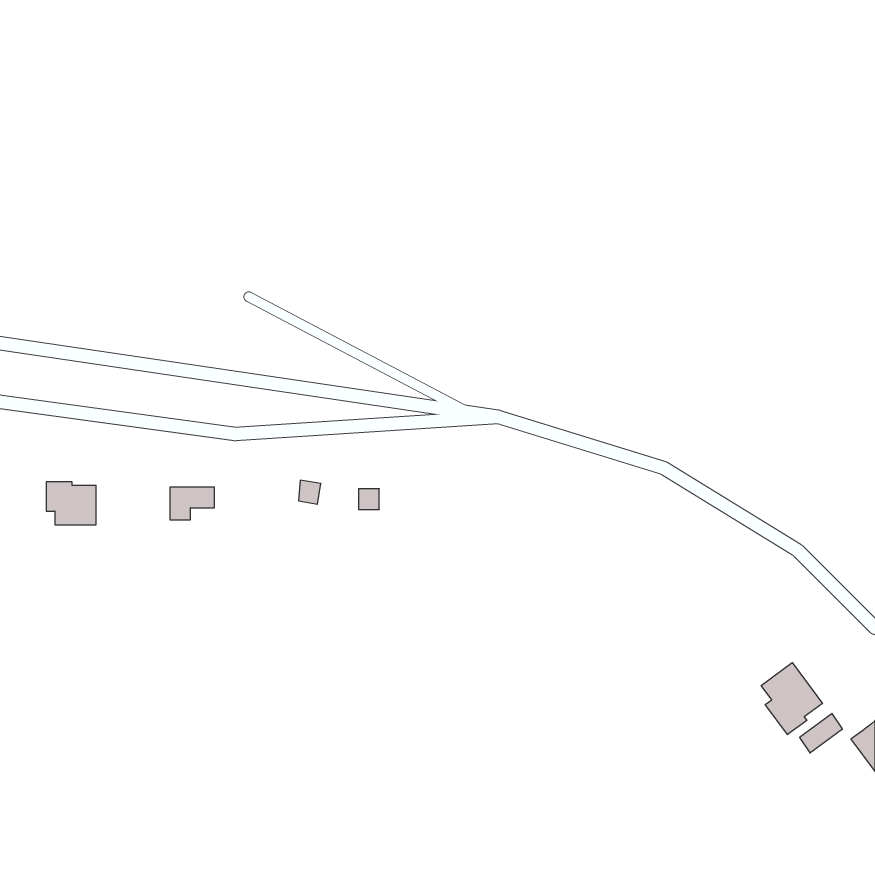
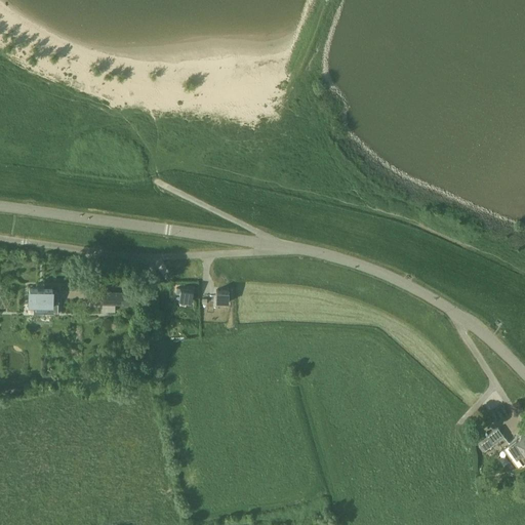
building: [761,663,822,735] -> none

